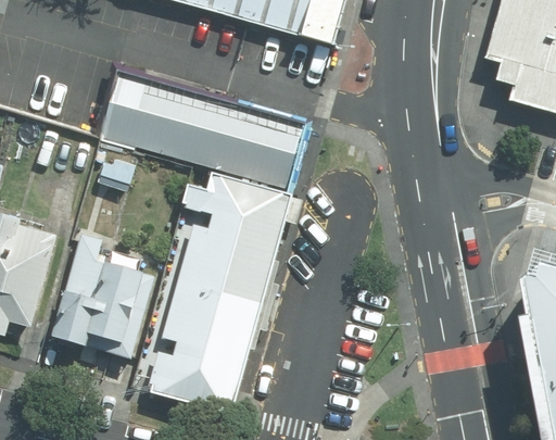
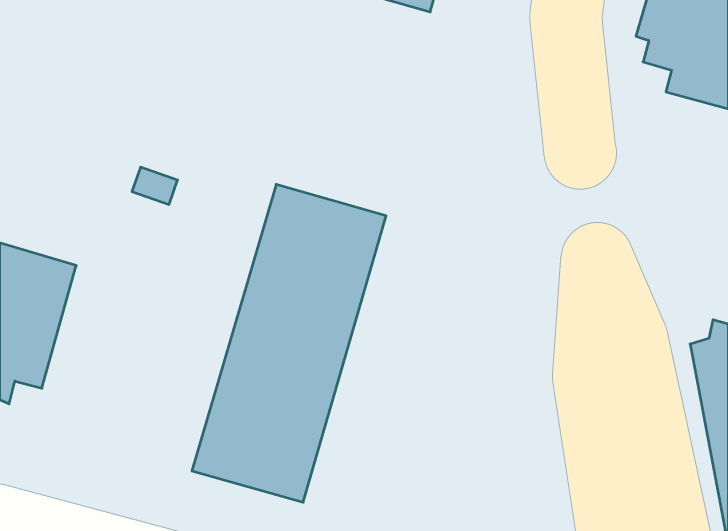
building: [101,72,305,186] -> none
building: [51,234,157,362] -> none

